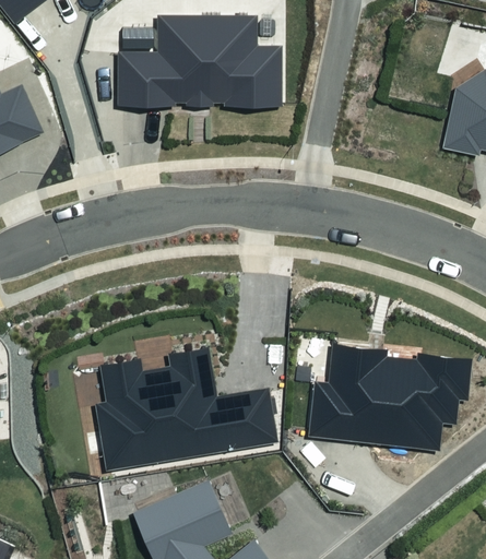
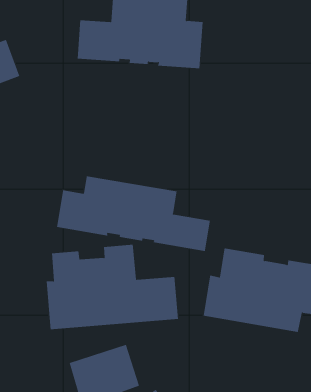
building: none -> [56,175,211,252]

